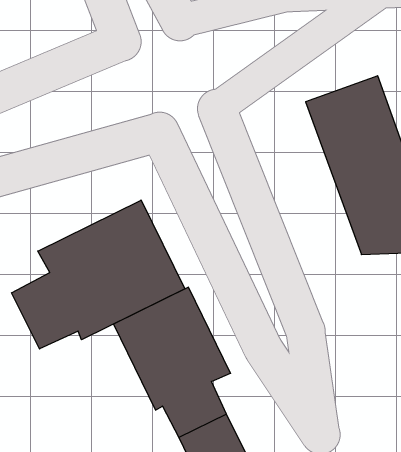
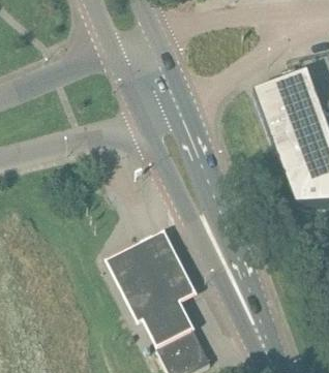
building: [12,200,185,349] -> none

